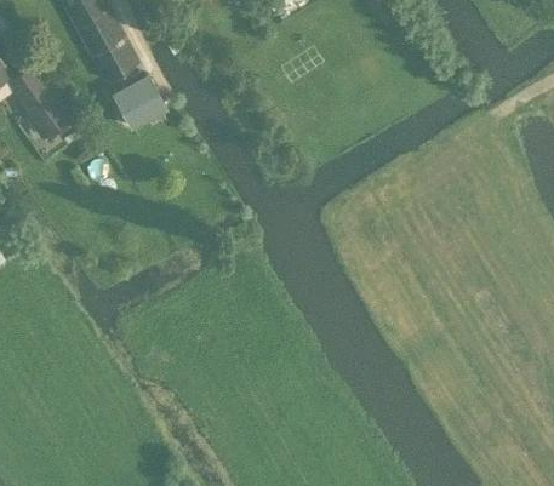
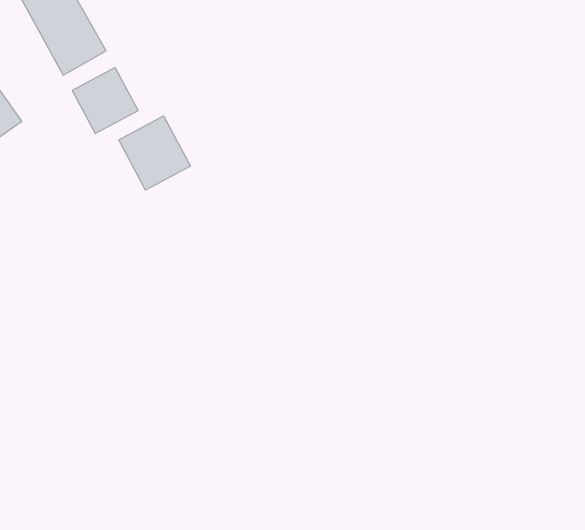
building: none -> [119,116,190,190]

